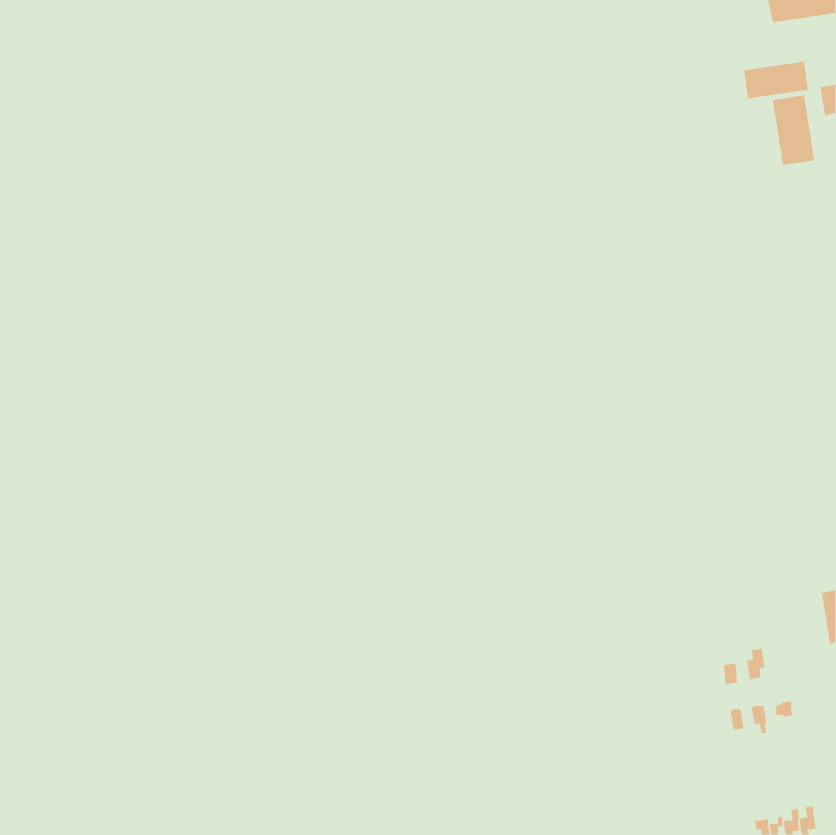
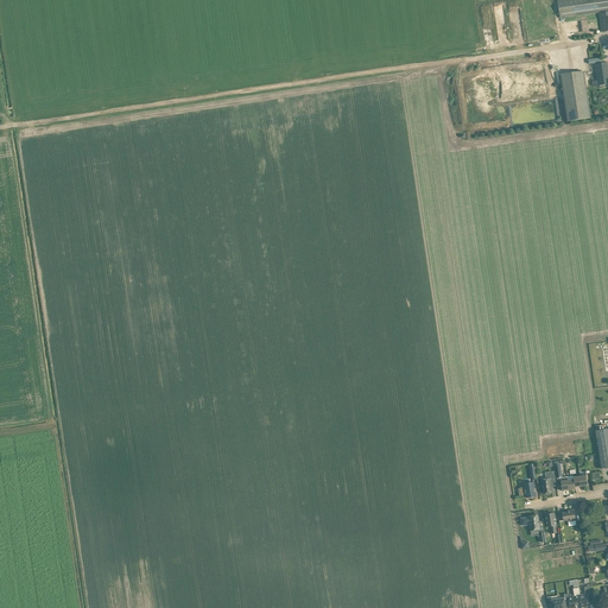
building: [743,61,809,99] -> none

